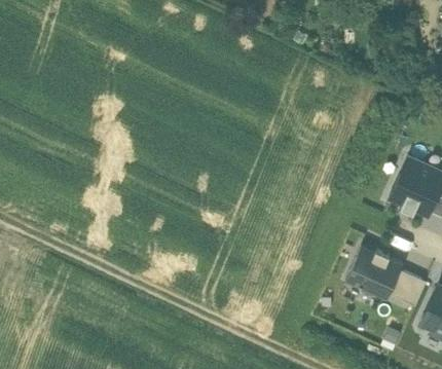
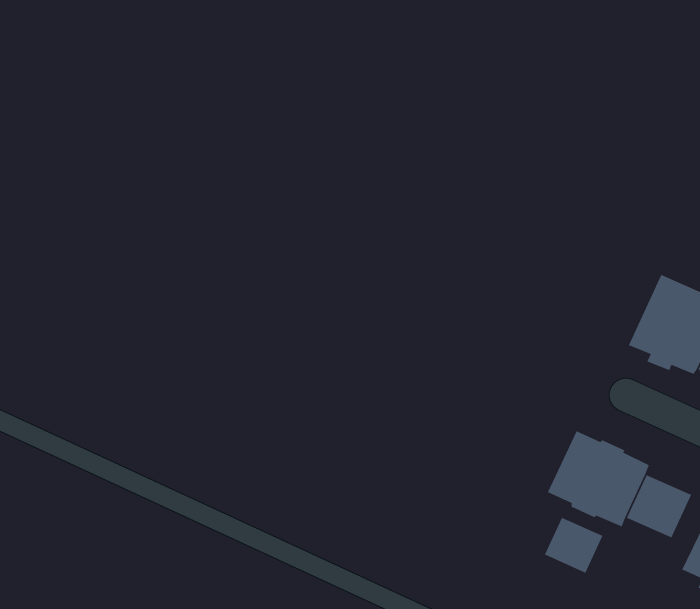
building: none -> [544,517,603,574]

